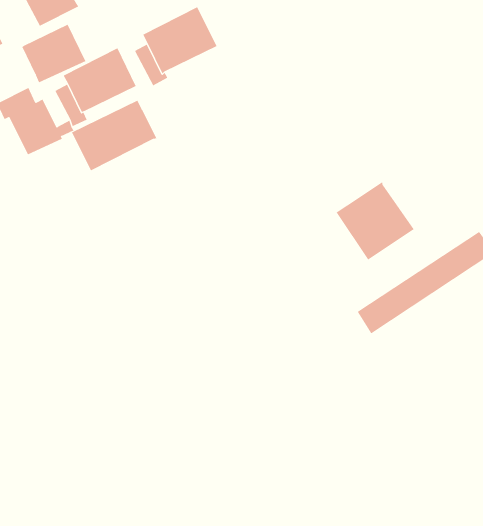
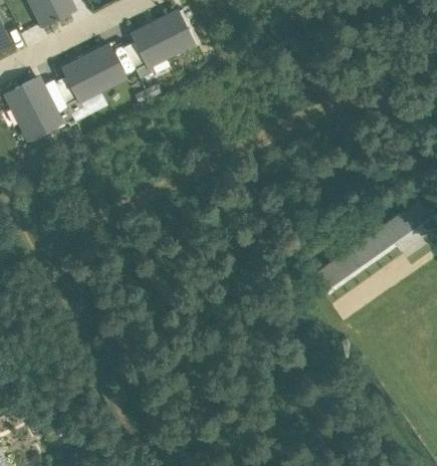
building: [21,24,86,83] -> none
building: [71,100,157,171] -> none
building: [336,181,414,261] -> none

